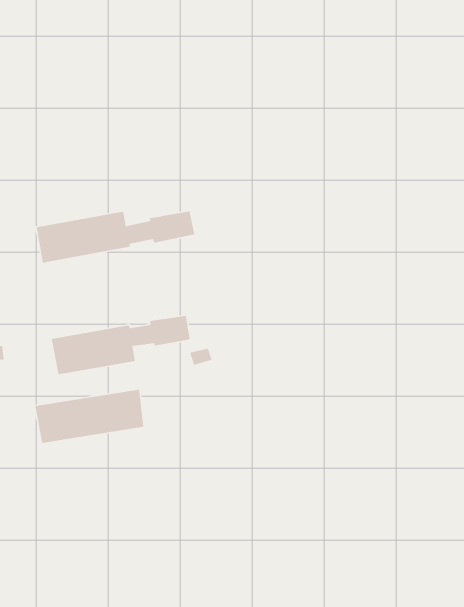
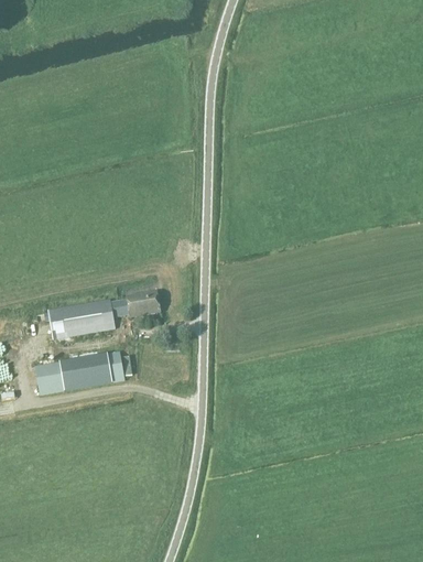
building: [36,211,195,264] -> none

